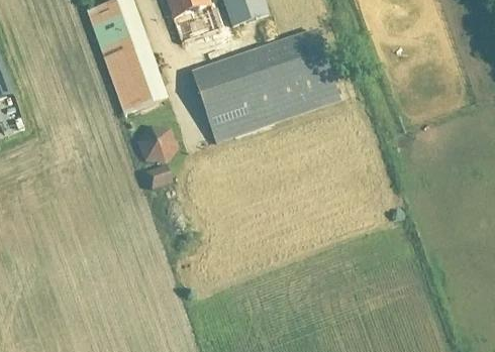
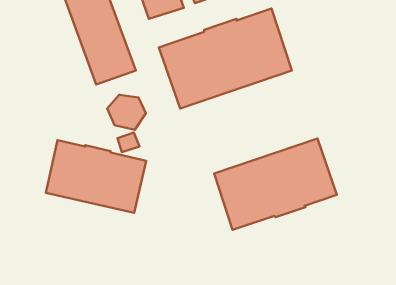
building: none -> [214,139,337,230]
building: none -> [46,140,146,213]

